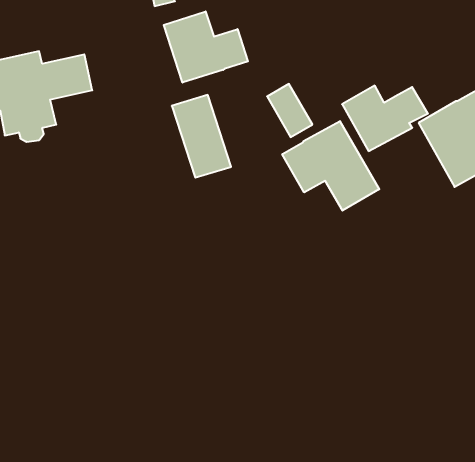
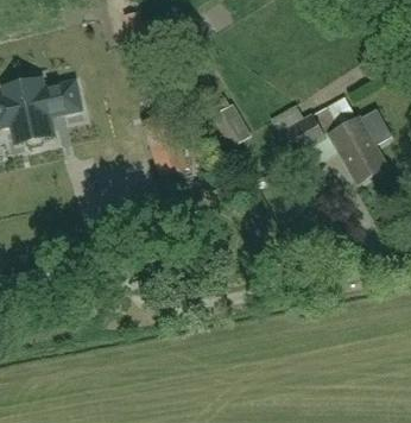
building: [164,11,248,83] -> none
building: [282,121,379,211] -> none

